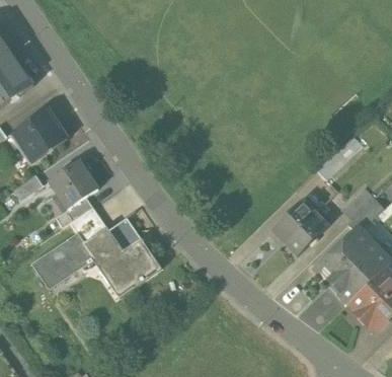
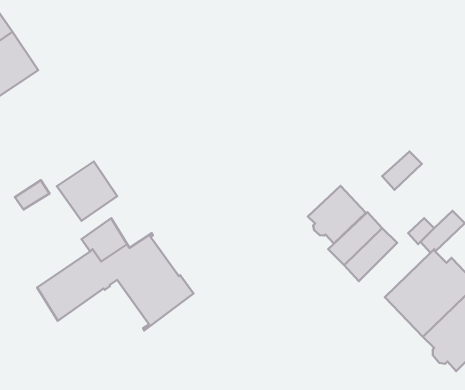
building: [13,106,65,161] -> none
building: none -> [308,186,366,244]

